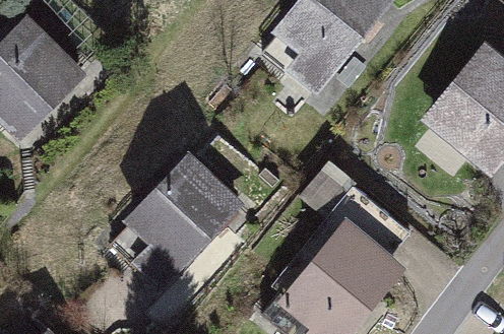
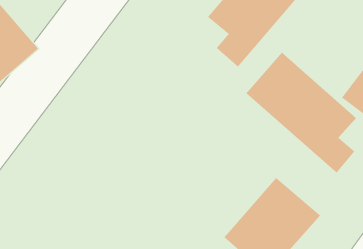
building: none -> [246,52,357,173]
building: [122,156,235,268] -> none

